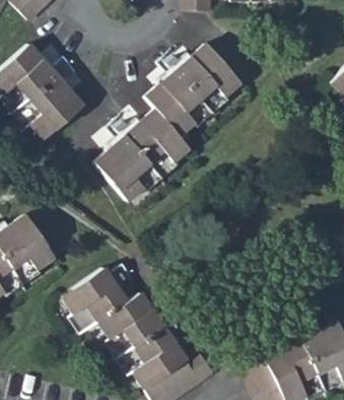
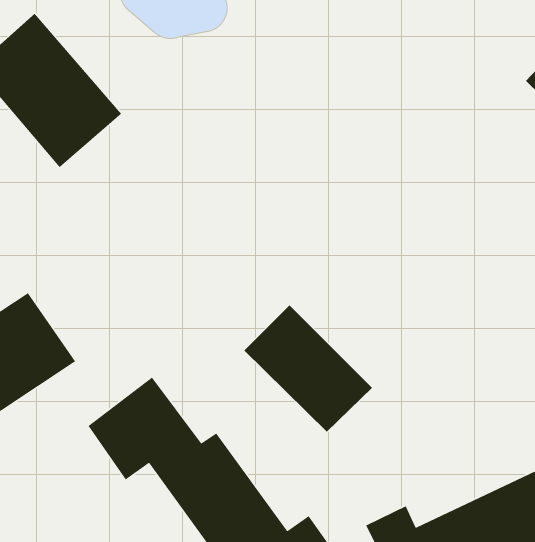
building: [96,44,242,200] -> none
building: none -> [244,304,373,432]

